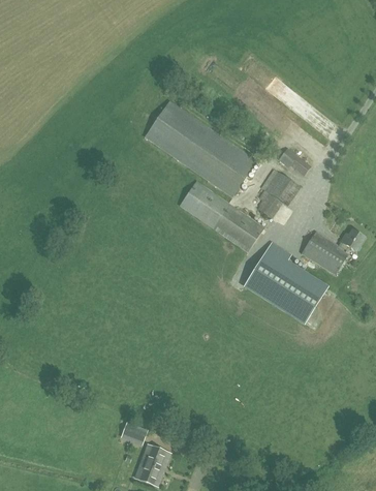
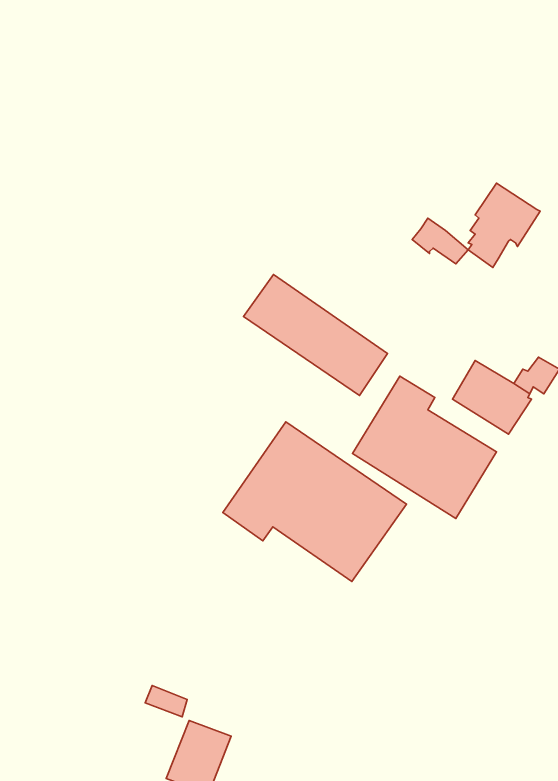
building: [144,101,255,196] -> none
building: [257,168,300,218] -> [468,183,540,267]
building: none -> [223,422,406,582]

